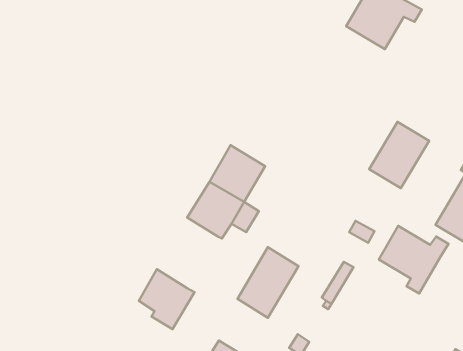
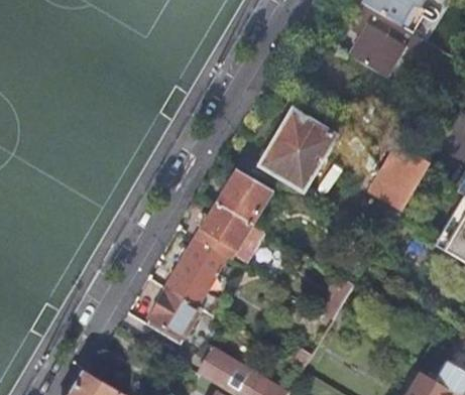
building: none -> [259,109,334,188]
building: [379,226,448,293] -> none
building: [237,247,298,318] -> [166,237,225,304]

